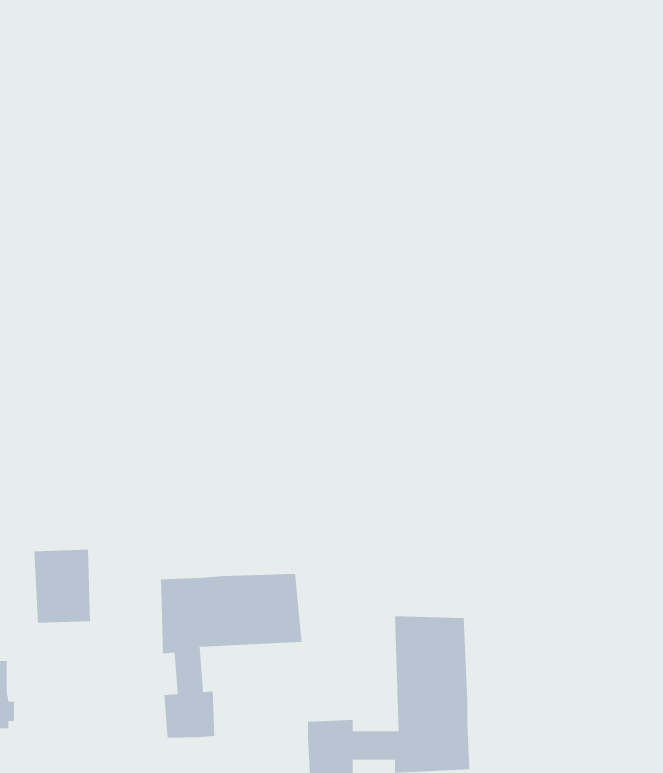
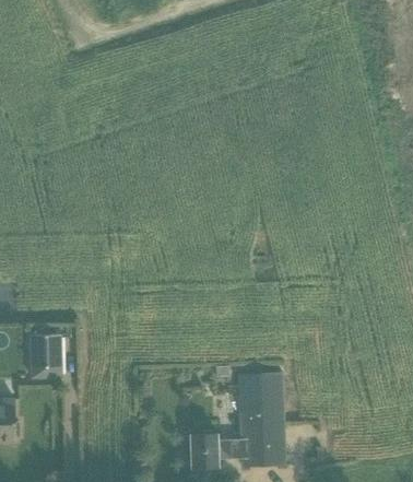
building: [160,573,302,739] -> none

